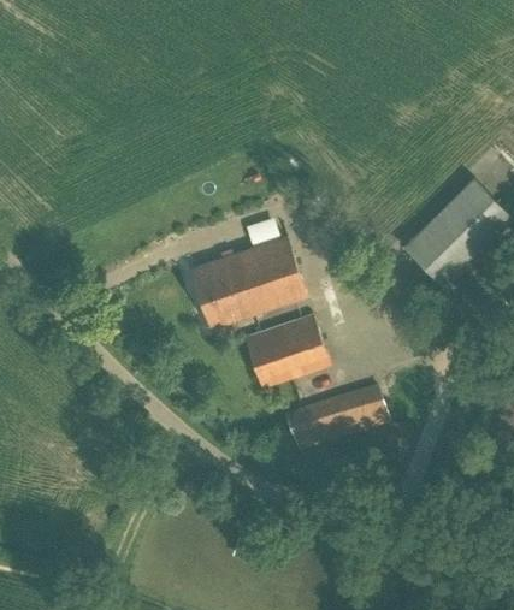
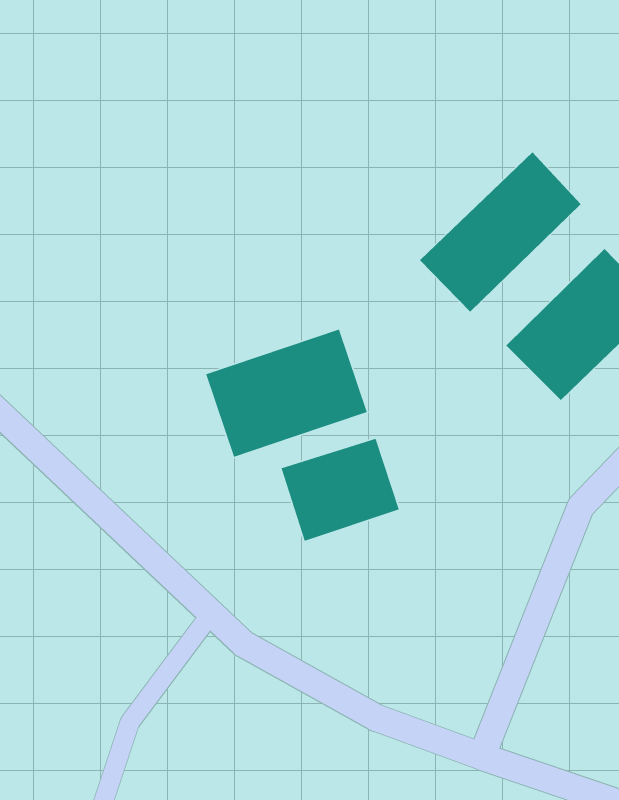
building: none -> [419,152,582,313]
building: [284,385,388,450] -> none

